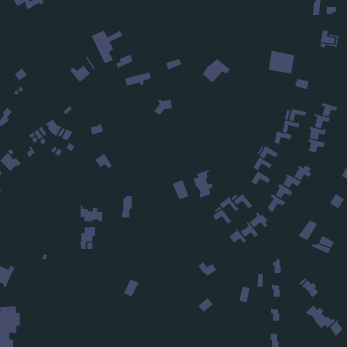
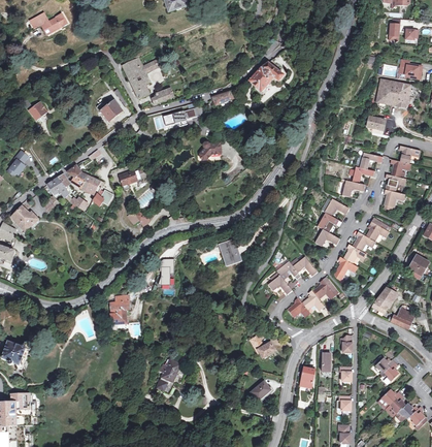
building: [268,50,295,74] -> [377,78,410,107]
building: [202,58,231,83] -> [248,62,284,92]
building: [193,169,213,198] -> none
building: [80,205,103,222] -> none

